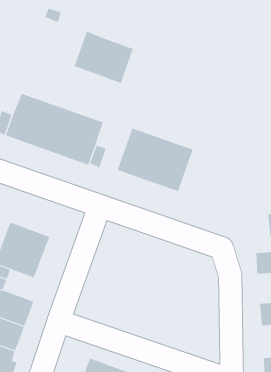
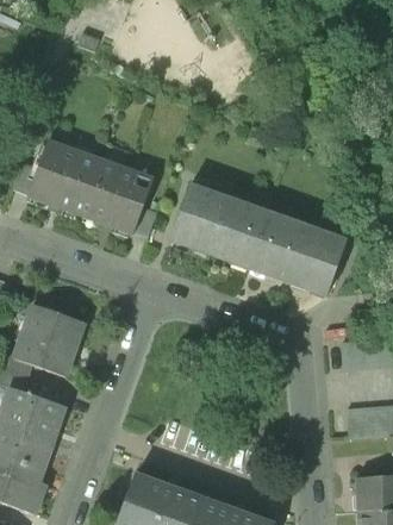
building: [74,31,133,84] -> none
building: none -> [248,212,347,294]

